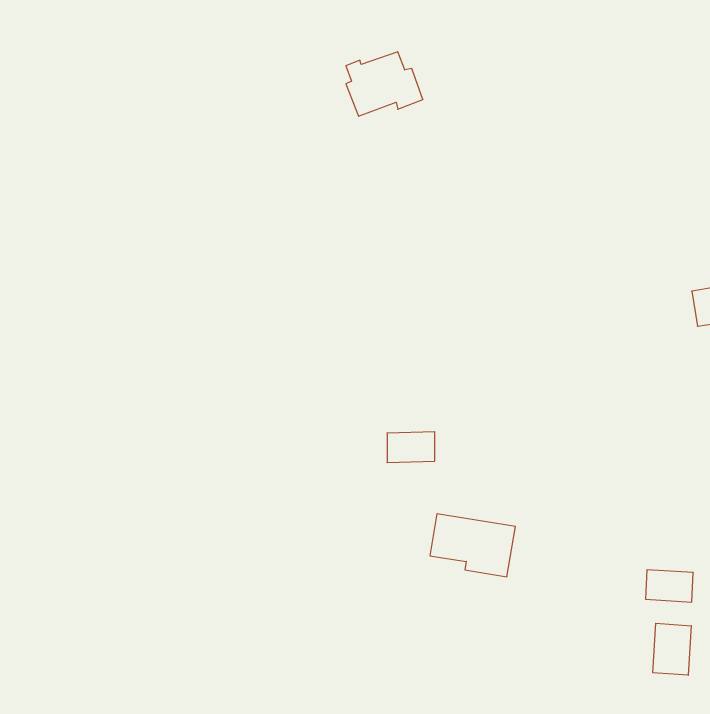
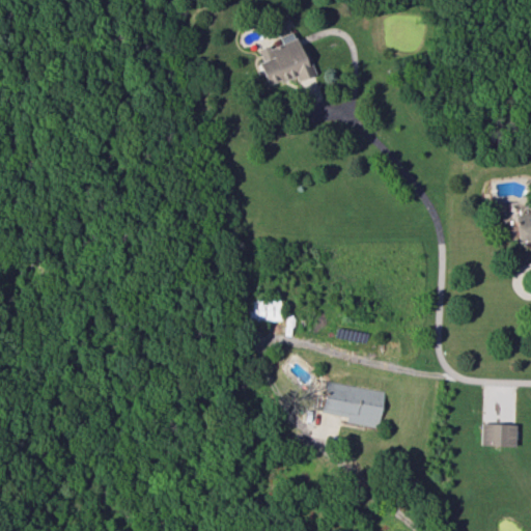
building: [387,432,435,463] -> [248,300,283,323]
building: [653,623,691,675] -> none

